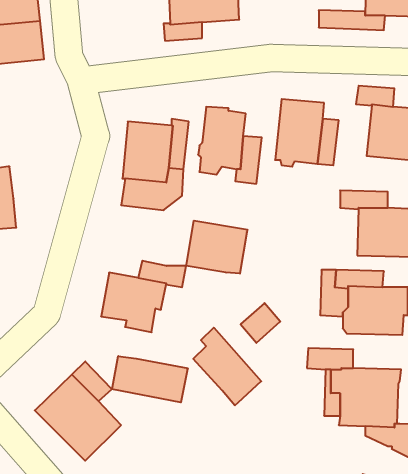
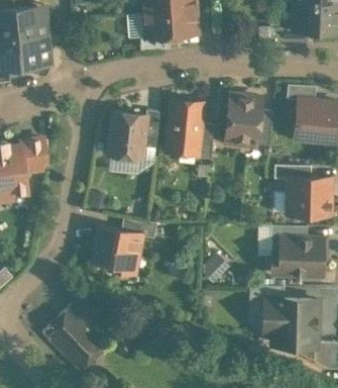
building: none -> [21,139,47,171]
building: [186,221,247,274] -> none
building: [193,328,261,405] -> none
building: [112,356,188,402] -> none

